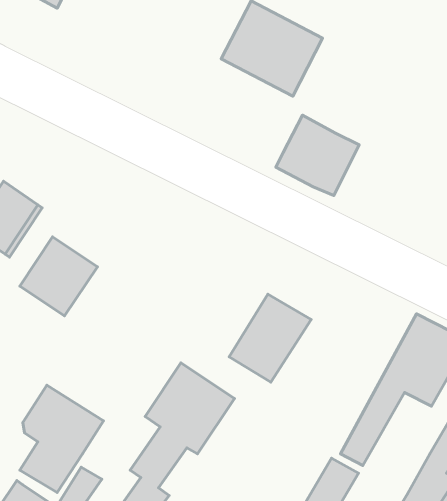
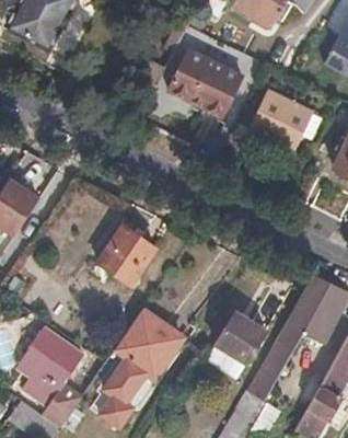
building: [276,115,359,196] -> [252,92,313,151]
building: [20,237,97,316] -> [97,226,154,284]
building: [229,294,311,382] -> [205,314,265,379]

